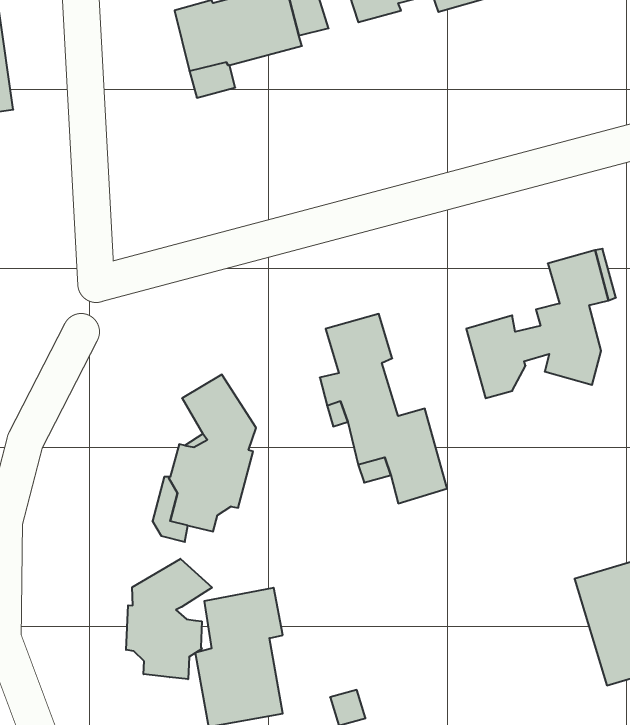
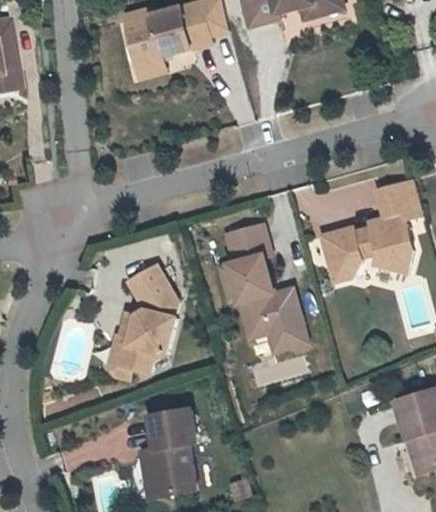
building: [126,559,212,679] -> none

